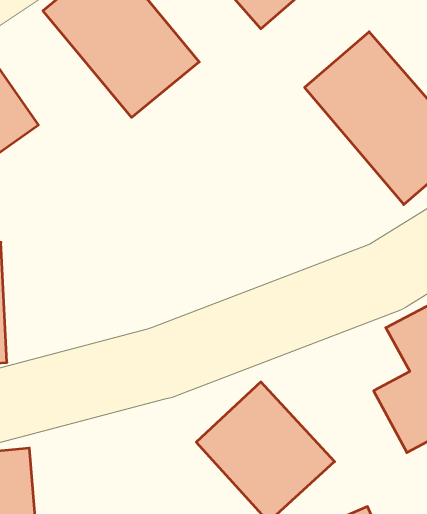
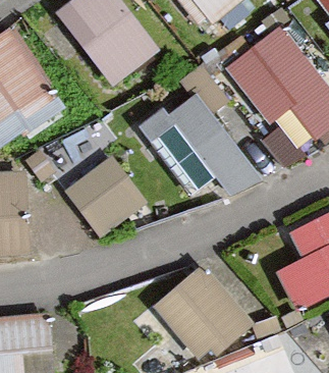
building: none -> [143,92,252,203]
building: none -> [58,153,146,241]

